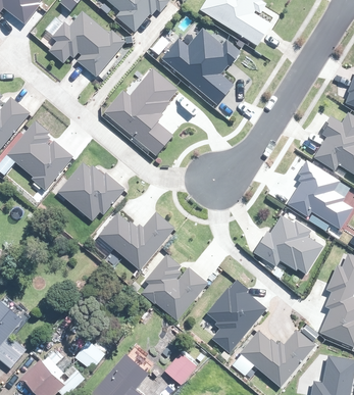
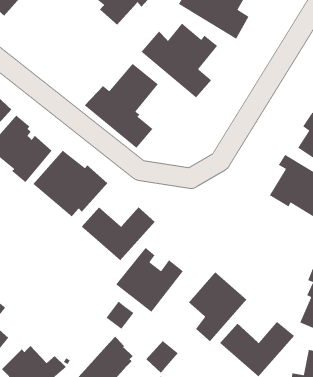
building: [51,14,127,77] -> none
building: [257,217,322,276] -> none
building: [74,339,104,368] -> [105,301,135,330]

